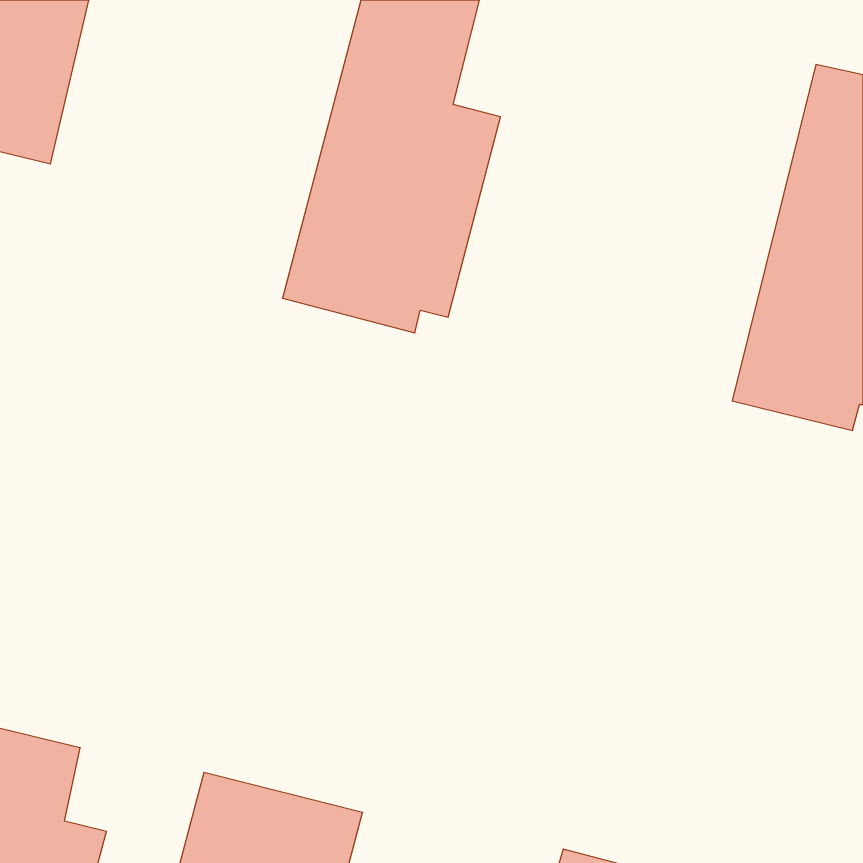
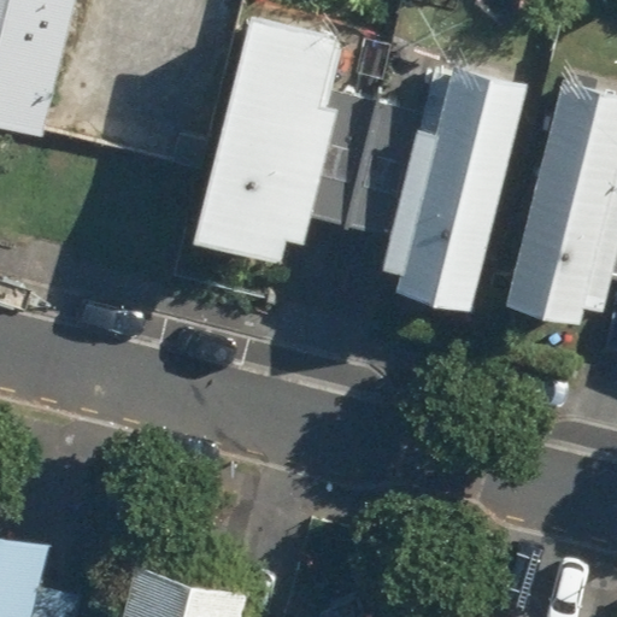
building: none -> [388,57,531,302]

